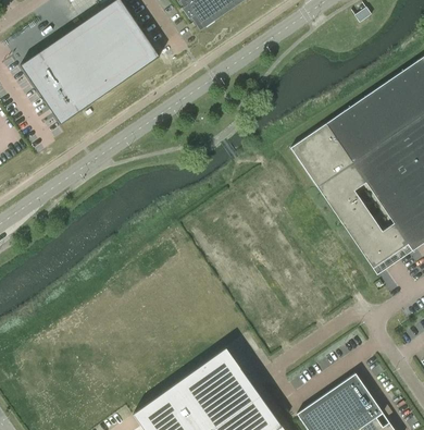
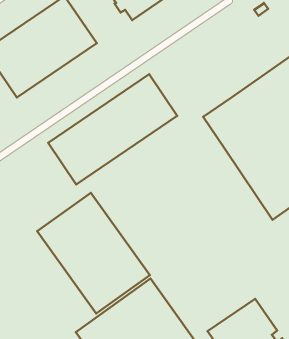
building: none -> [48,74,177,184]
building: none -> [37,193,150,314]

